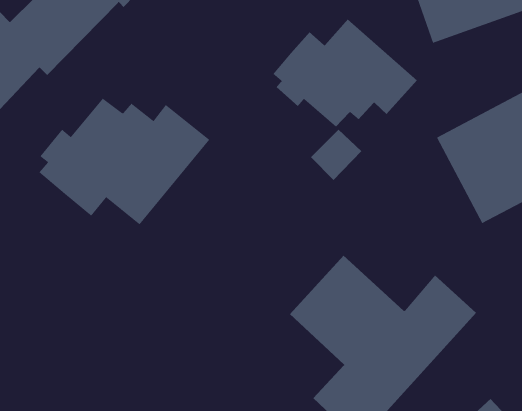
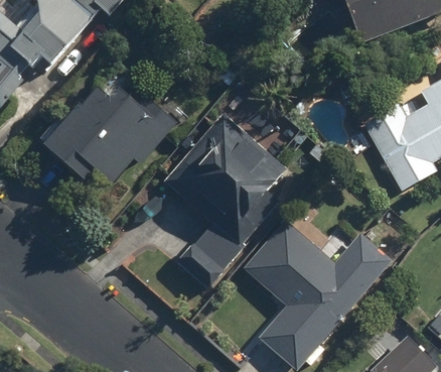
building: [272,19,418,127] -> none
building: none -> [156,115,290,289]

